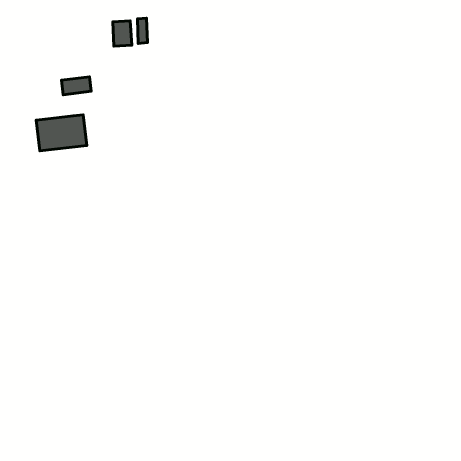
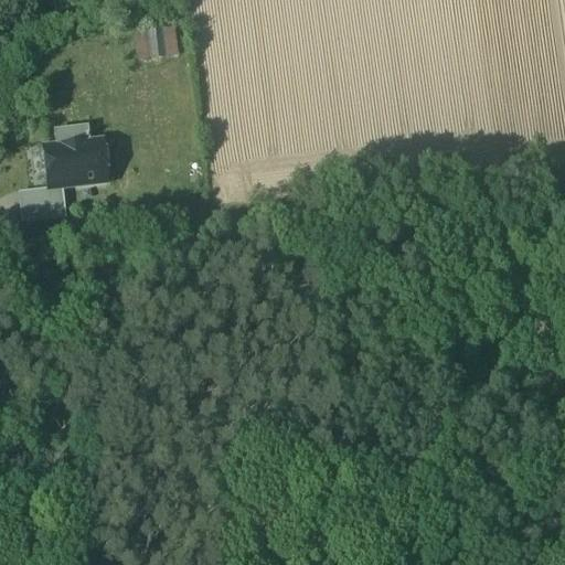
building: [61,77,91,95] -> [54,125,90,147]
building: none -> [21,190,64,220]

